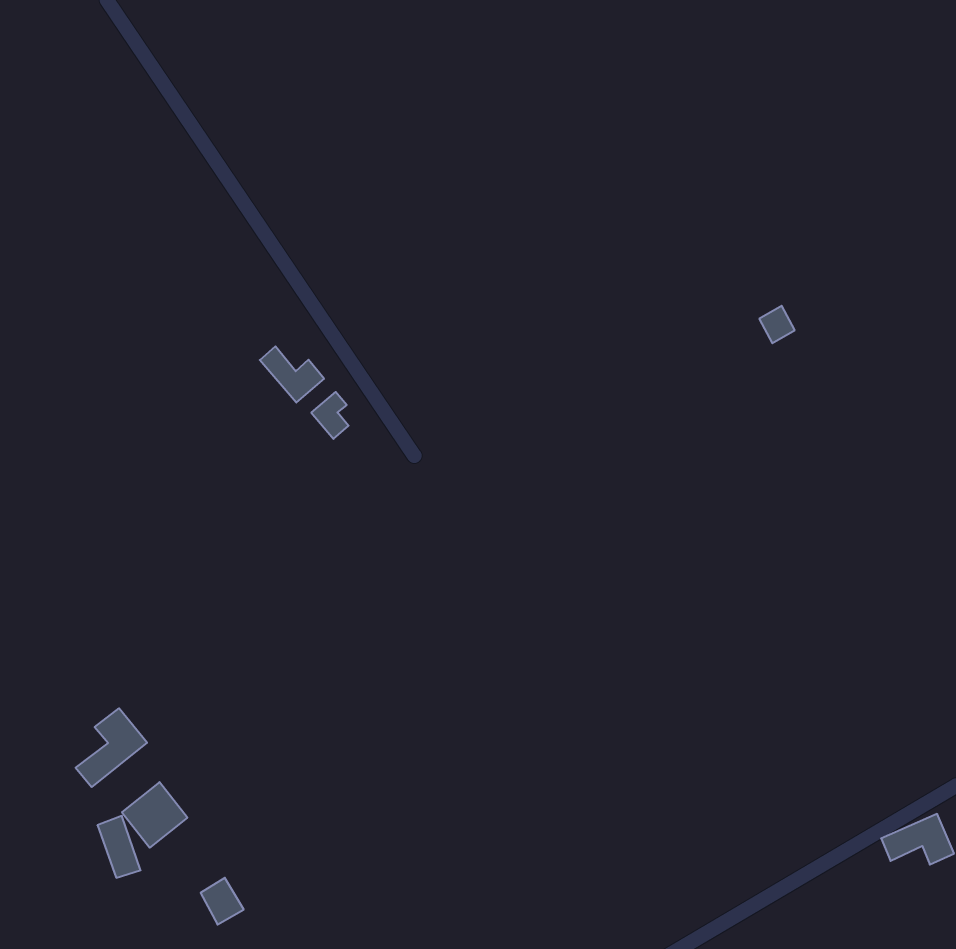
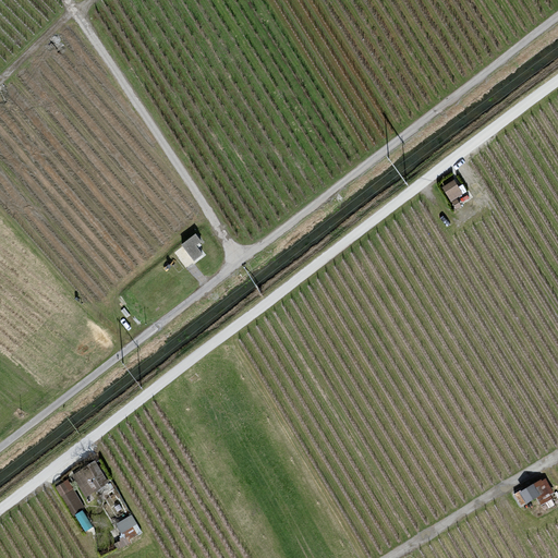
building: [260,346,324,403] -> none
building: [76,708,147,787] -> none

